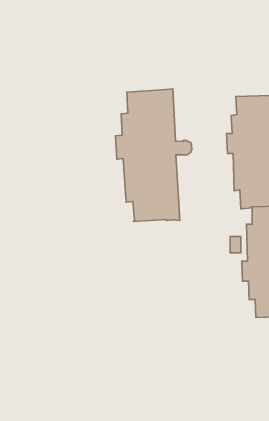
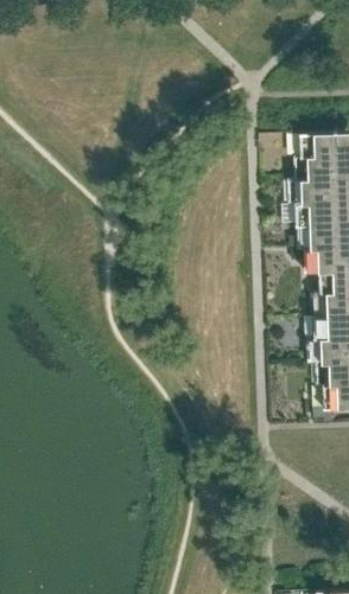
building: [116,89,192,222] -> none

